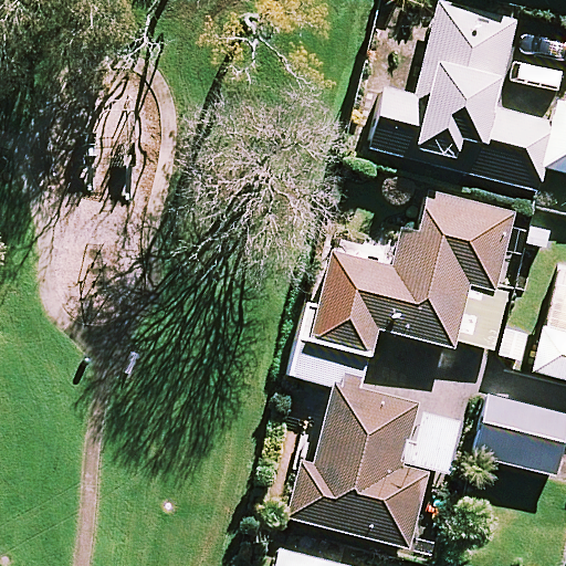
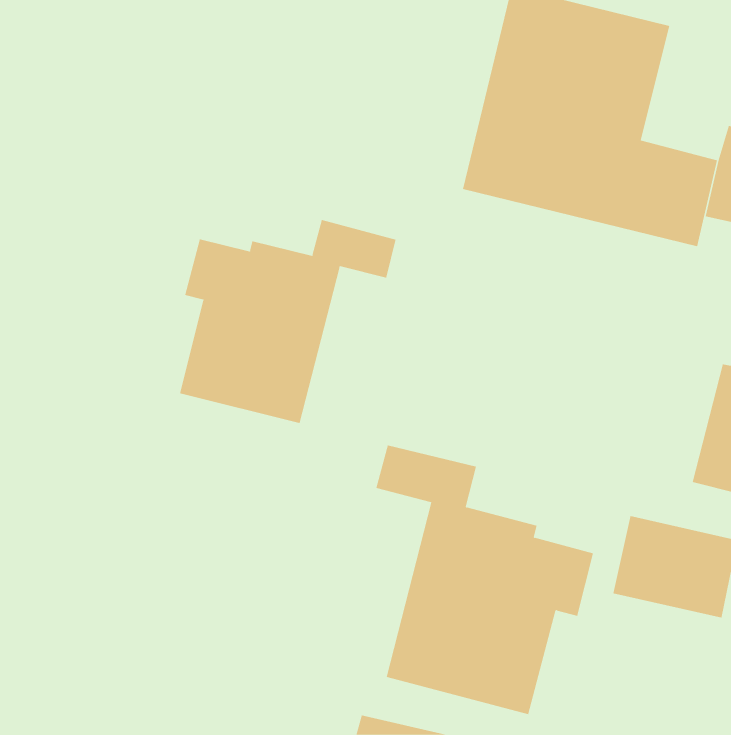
building: none -> [180,219,396,424]
building: [302,190,516,357] -> none

